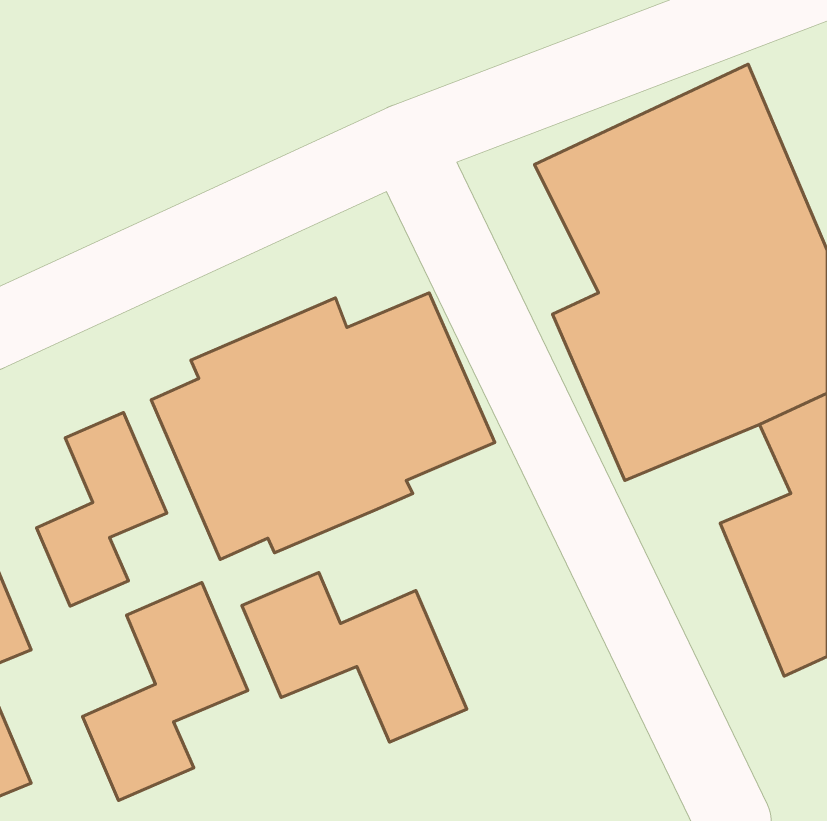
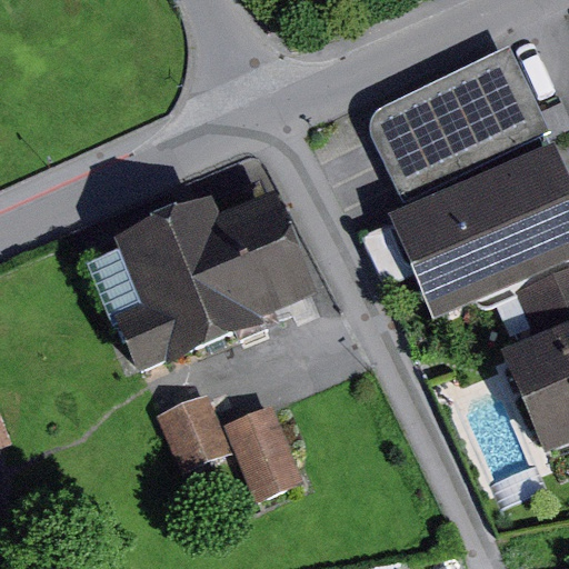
building: [36,412,167,606] -> none
building: [83,583,248,800] -> none

